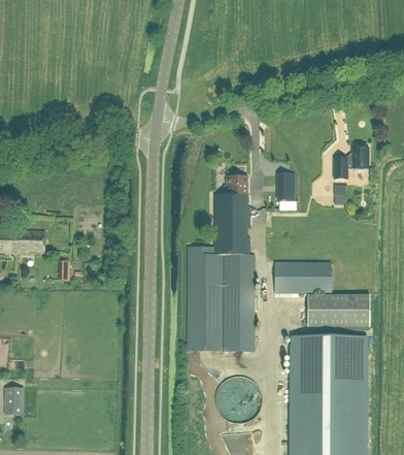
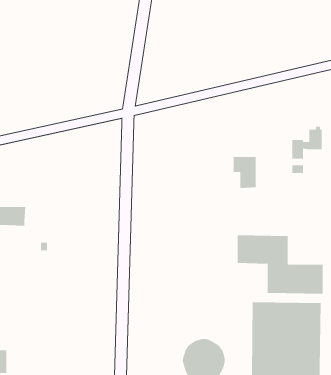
building: [188,176,255,351] -> none

